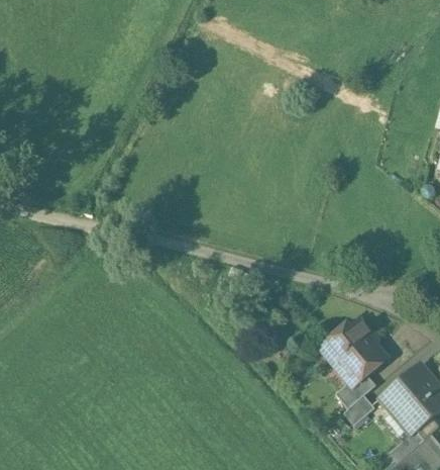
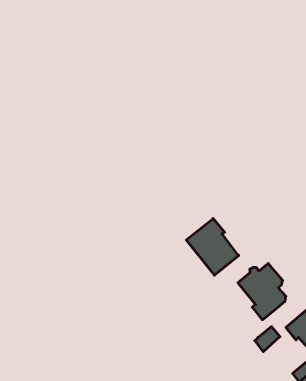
building: none -> [186,218,239,275]
building: [336,375,376,408] -> none

